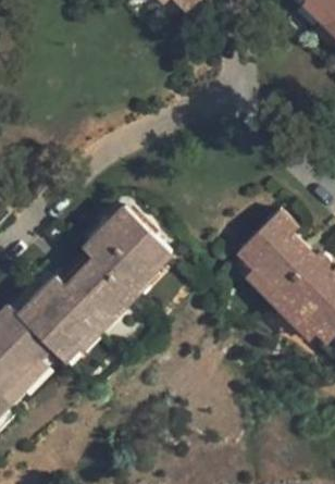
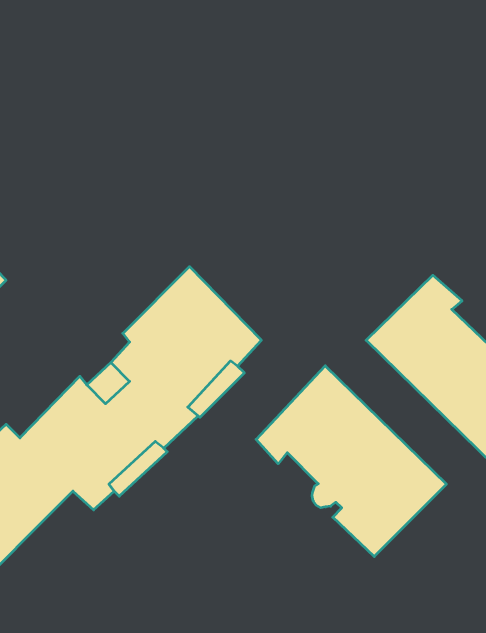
building: none -> [256,366,446,557]

